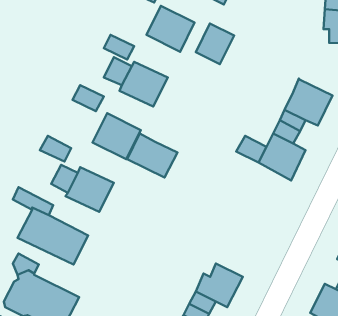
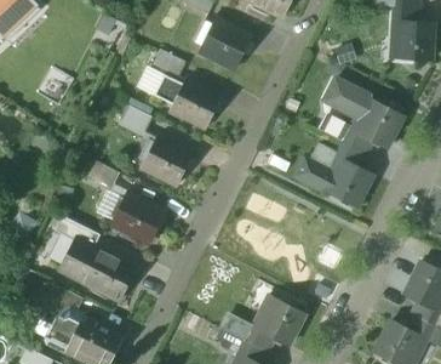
building: [196,24,234,64] -> none
building: none -> [322,80,366,113]
building: [127,133,177,178] -> none

